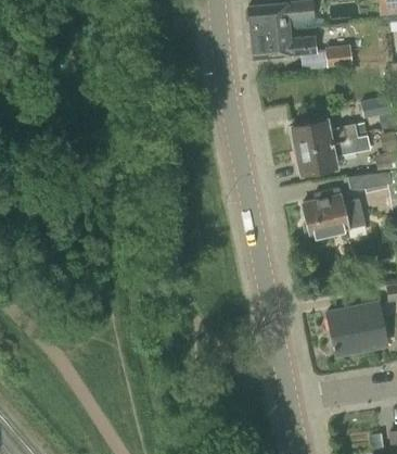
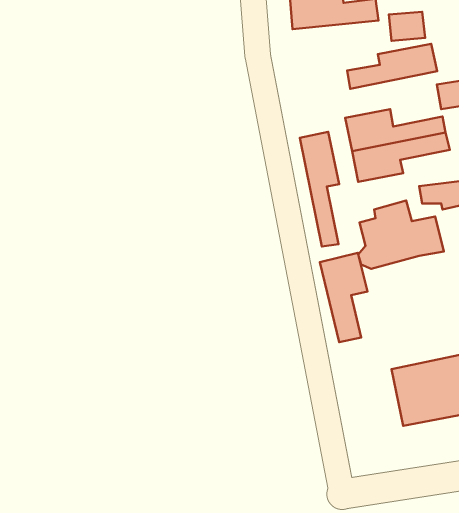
building: none -> [347,44,437,89]
building: none -> [300,132,339,247]
building: none -> [320,253,368,342]

